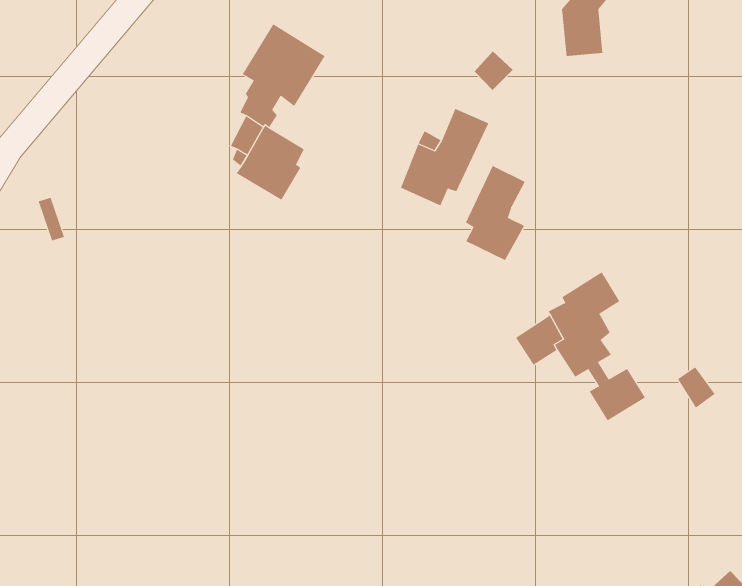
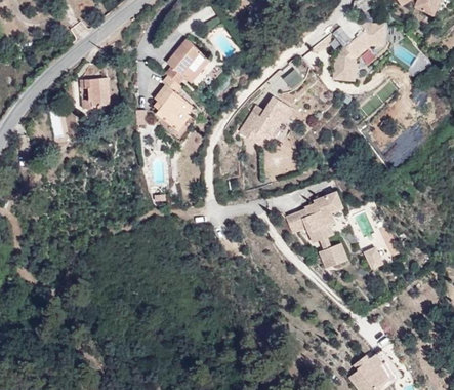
building: none -> [79,78,110,110]
building: [465,165,525,261] -> none

